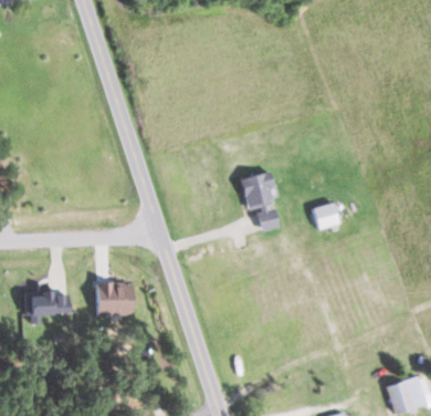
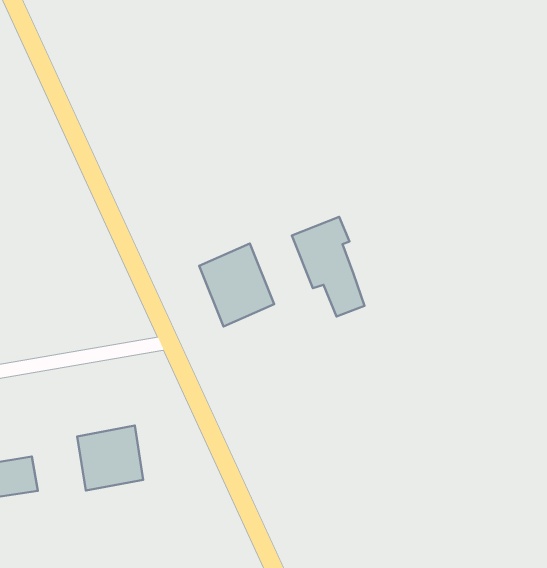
building: none -> [199,244,274,326]
building: [315,202,339,228] -> none

